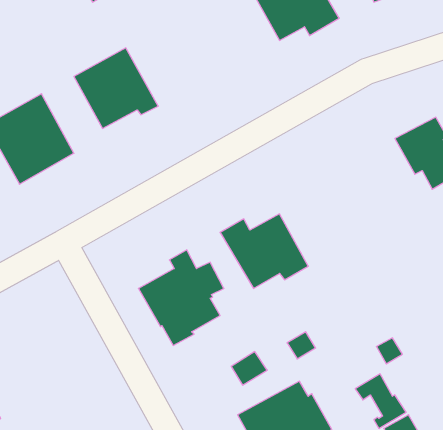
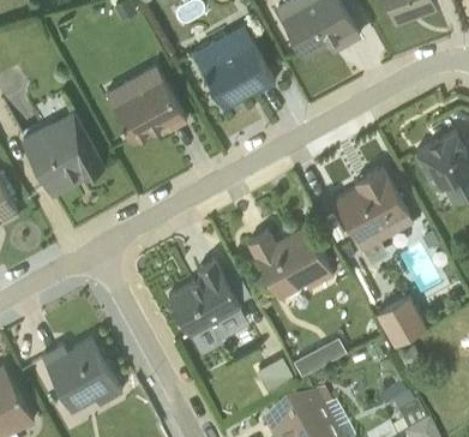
building: none -> [192,24,275,108]
building: none -> [335,167,413,265]
building: none -> [375,297,425,347]
building: none -> [41,339,120,412]

